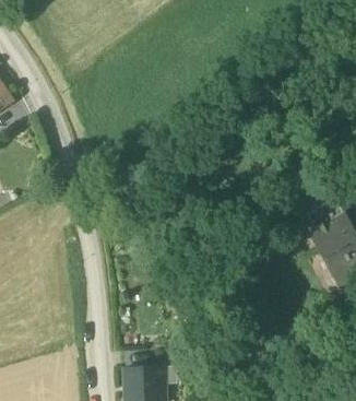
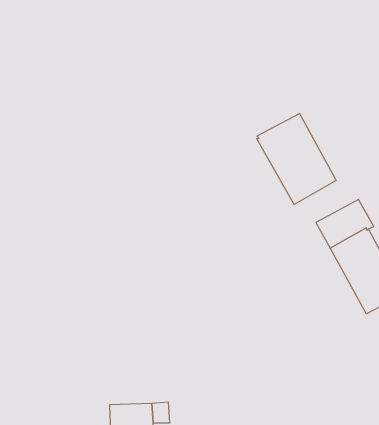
building: none -> [257,113,336,205]

